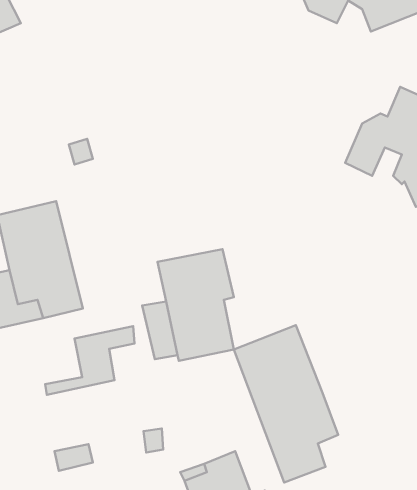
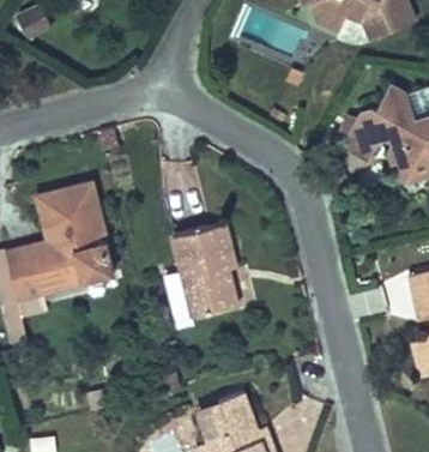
building: [234,325,338,483] -> none
building: [45,326,135,395] -> none

